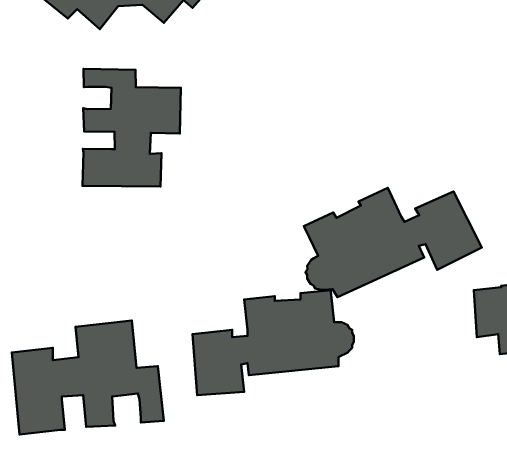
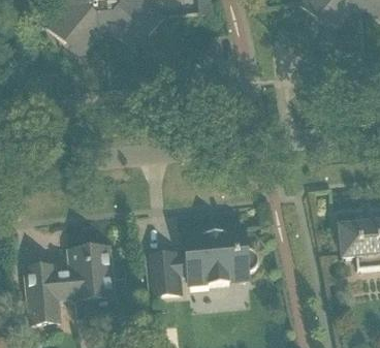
building: [82,69,181,187] -> none
building: [304,188,482,297] -> none

